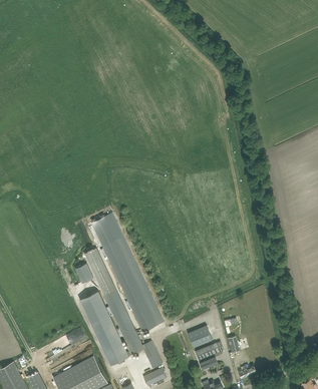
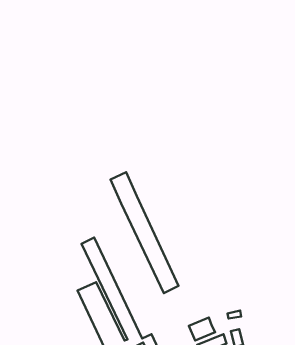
building: [91,216,156,332] -> [111,172,178,293]

